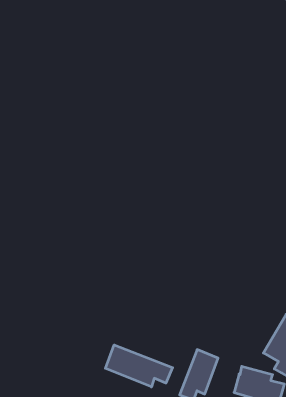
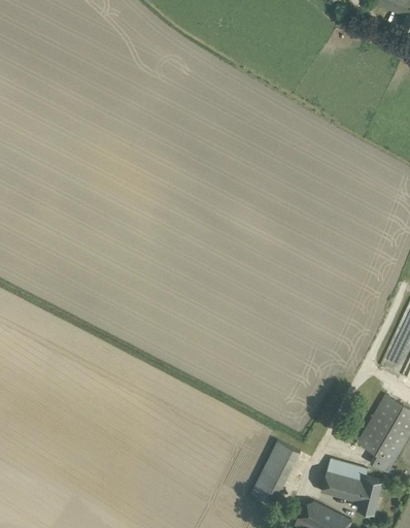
building: [105,345,173,387] -> none

